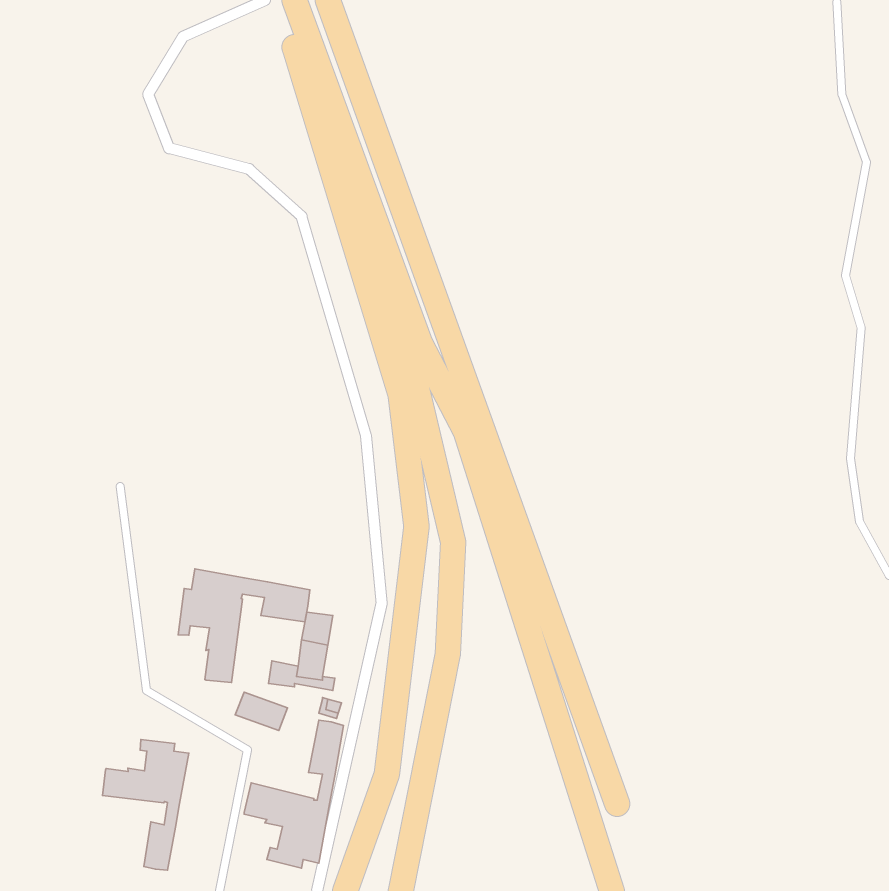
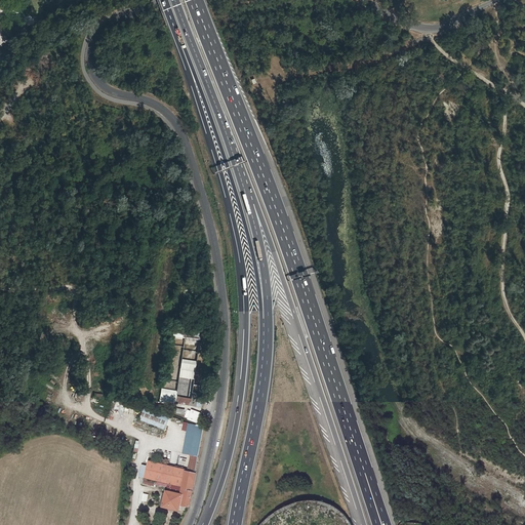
building: [178,569,310,683] -> none
building: [103,740,189,870] -> none

